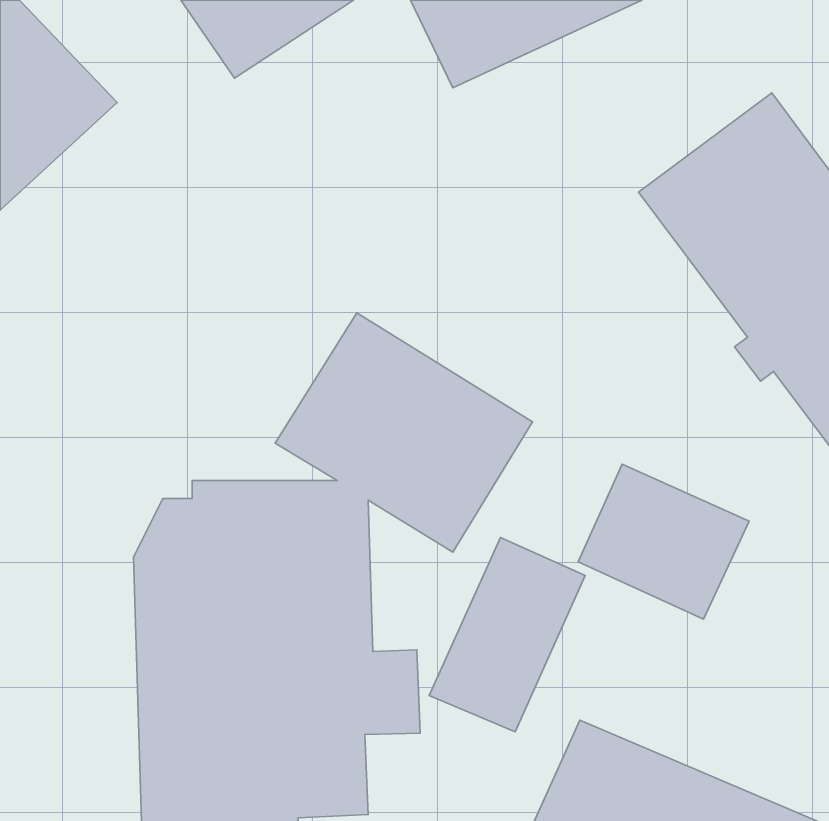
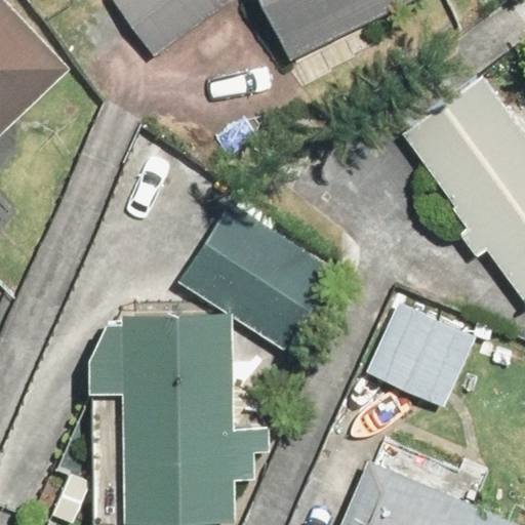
building: [429,537,585,732] -> none

